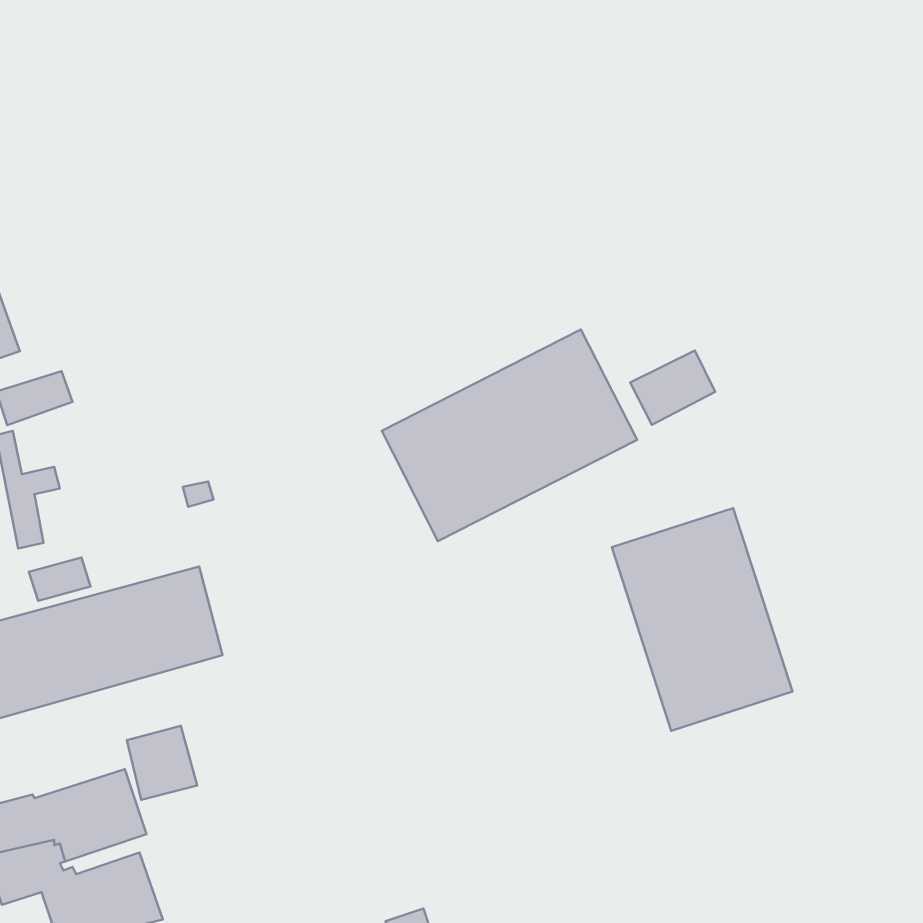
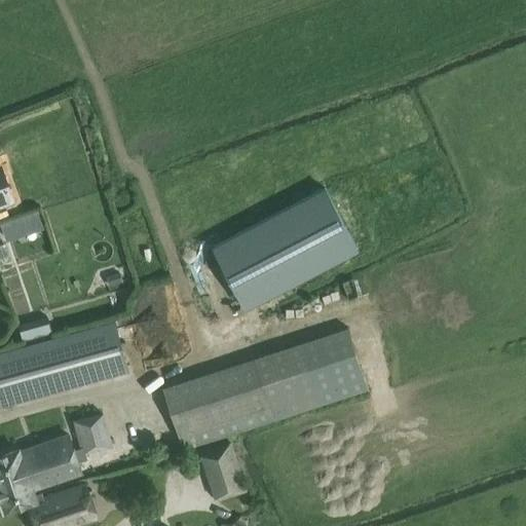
building: [630,350,715,425] -> none
building: [612,508,792,731] -> none
building: none -> [161,329,367,452]
building: none -> [198,442,247,503]

